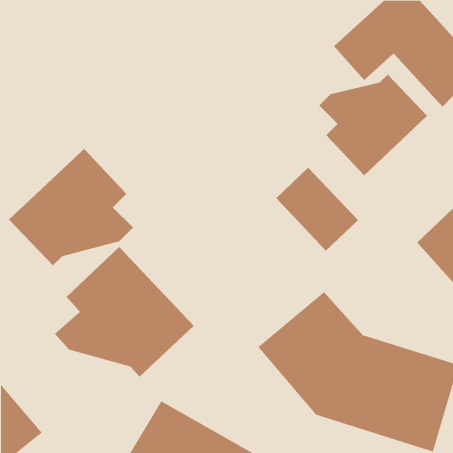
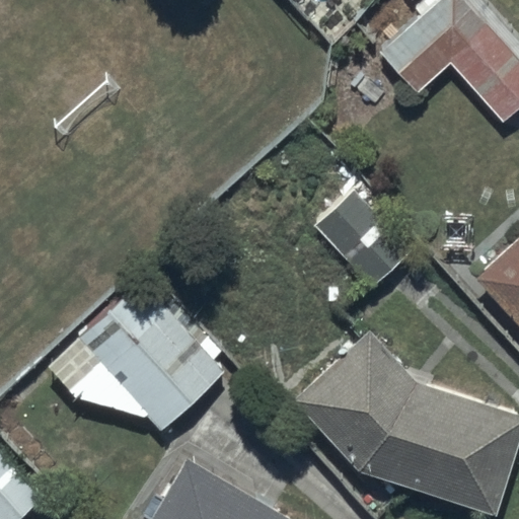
building: [318,74,428,176] -> none
building: [8,148,134,266] -> none

